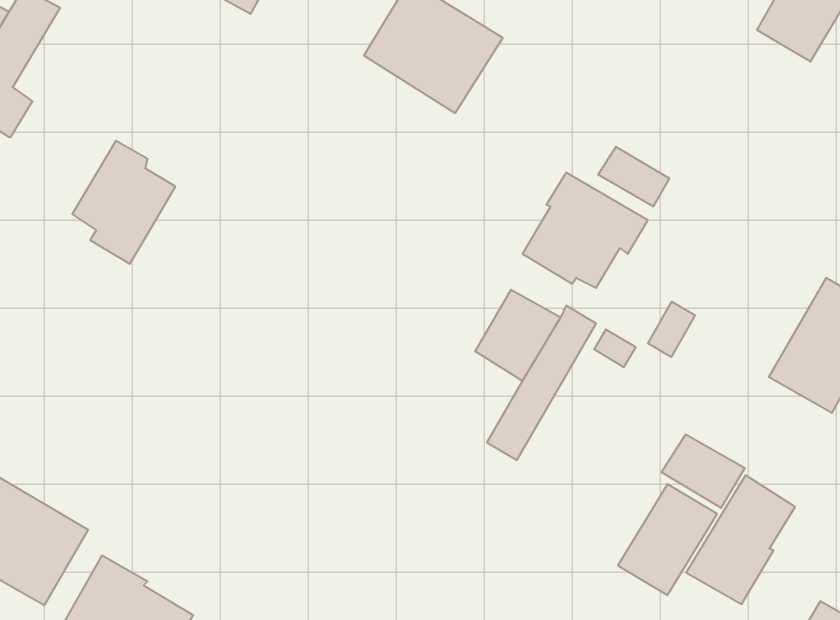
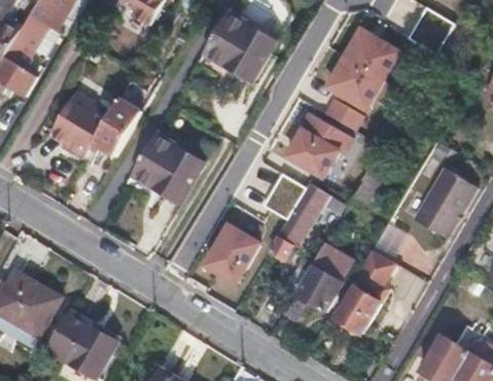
building: none -> [327,29,399,108]
building: none -> [92,98,140,155]
building: none -> [130,135,203,202]
building: none -> [205,226,257,282]
building: [686,475,795,604] -> [296,244,353,311]

